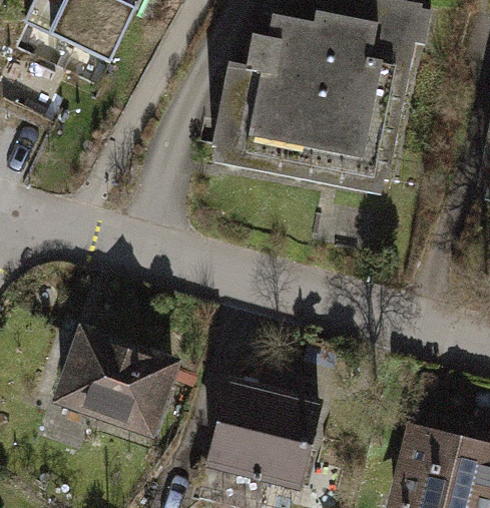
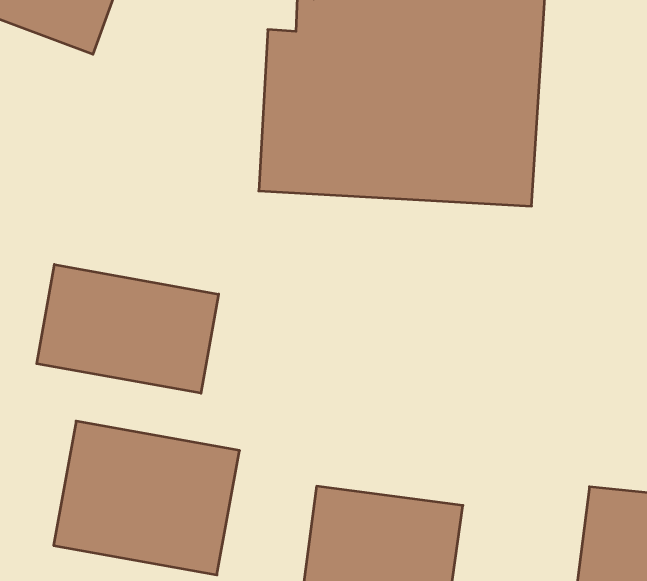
building: none -> [37,264,219,393]

